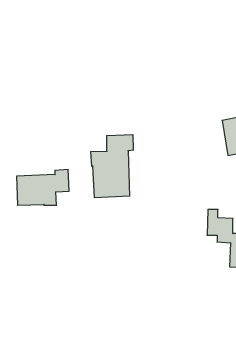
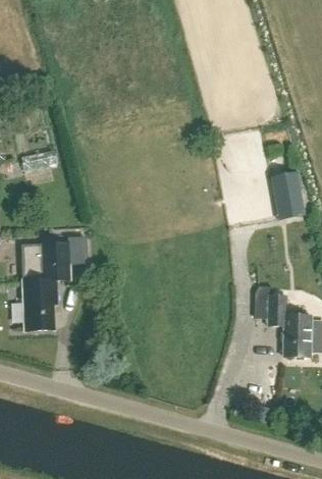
building: [91,135,133,198] -> none
building: none -> [23,279,57,330]

